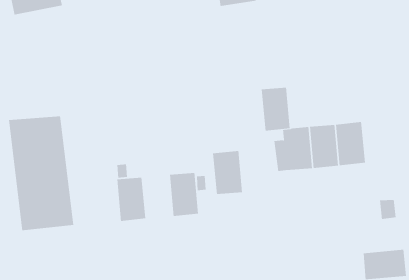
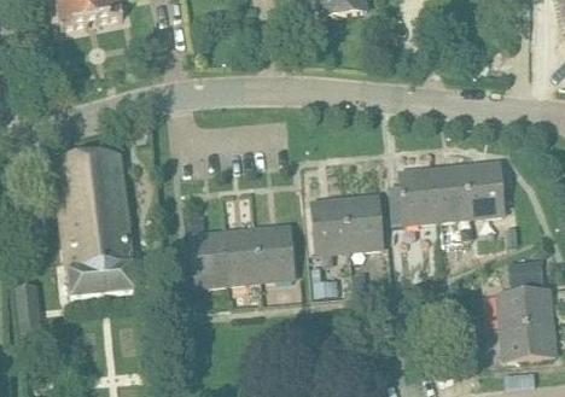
building: [261,87,291,131] -> [344,195,381,251]
building: none -> [222,228,261,284]
building: none -> [496,288,552,327]

